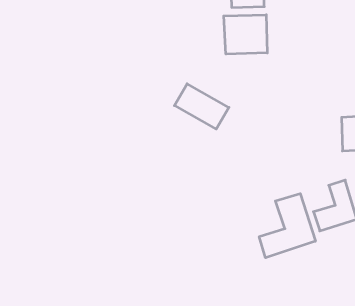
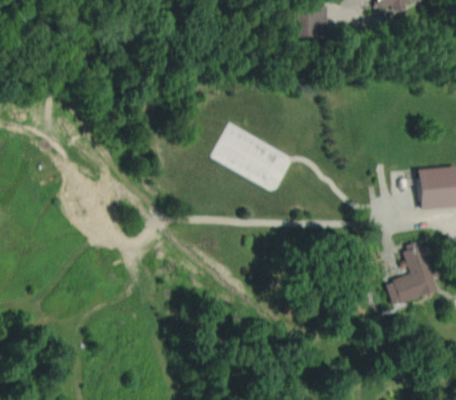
building: [224,15,267,54] -> none
building: [259,194,315,258] -> none

